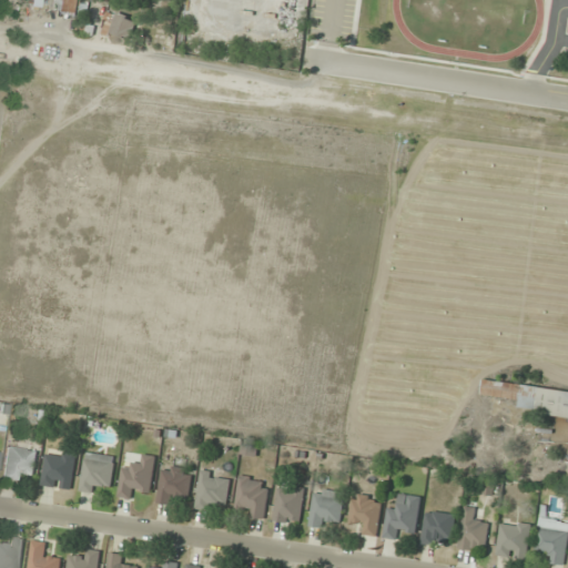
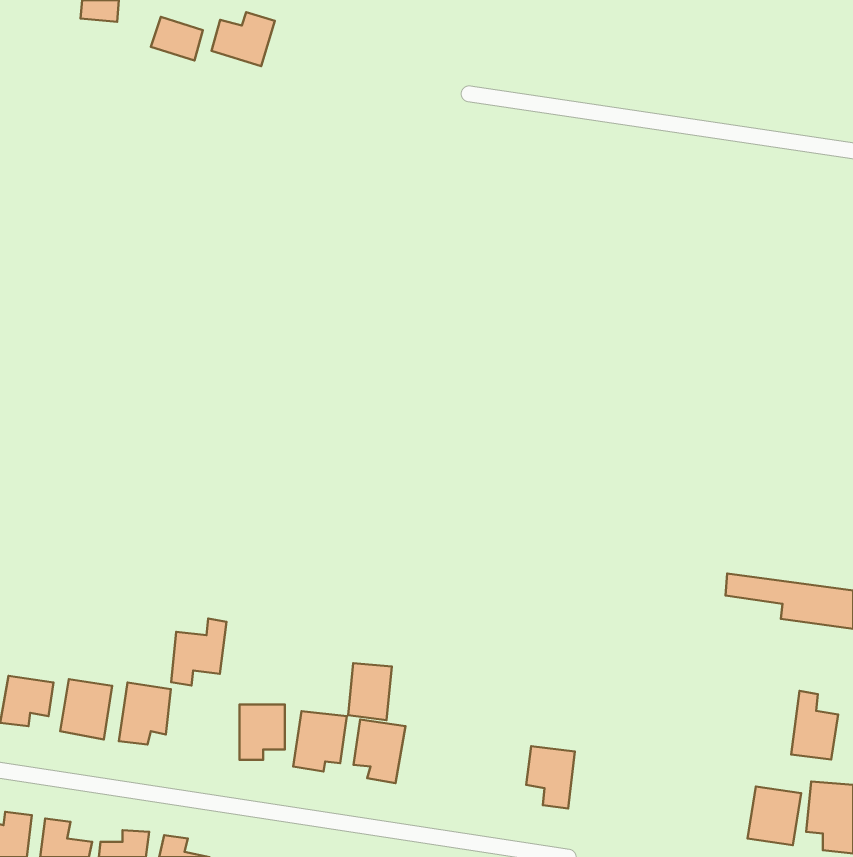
building: none -> [211,12,275,66]
building: [118,454,154,498] -> [171,618,227,686]
building: [273,487,302,525] -> [348,663,392,720]
building: [308,488,343,528] -> none
building: [383,494,419,539] -> none
building: [457,506,488,551] -> [791,691,838,760]
building: [419,509,455,547] -> none

